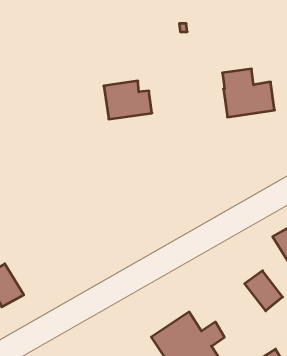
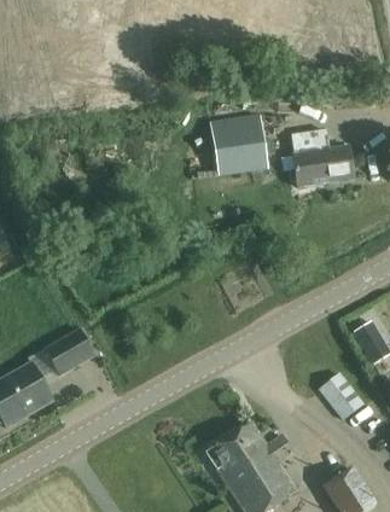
building: [104,81,152,119] -> [214,128,272,174]
building: none -> [43,330,92,374]

